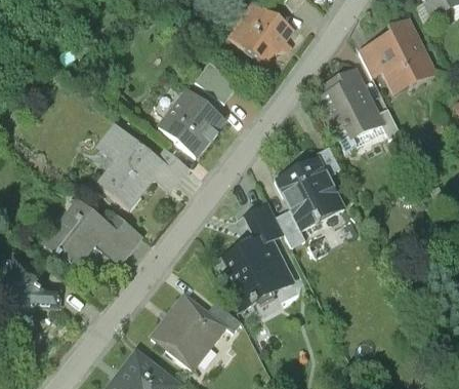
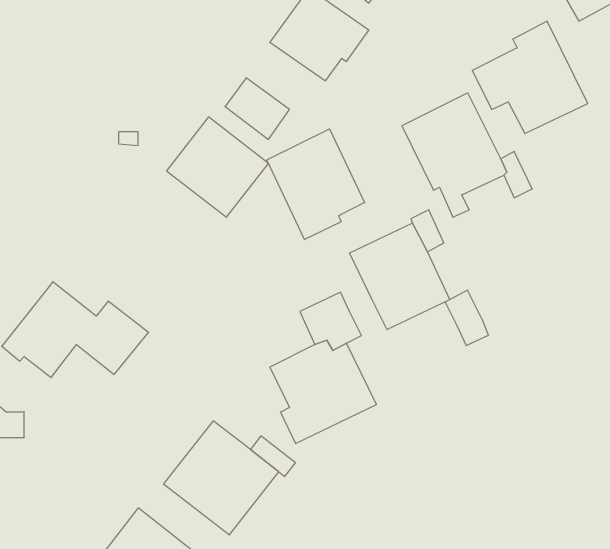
building: none -> [267,129,365,240]
building: [94,122,187,205] -> none
building: [279,211,308,249] -> [445,290,489,346]

